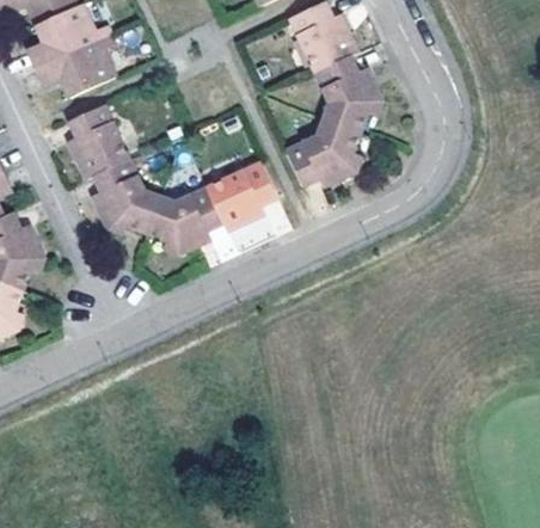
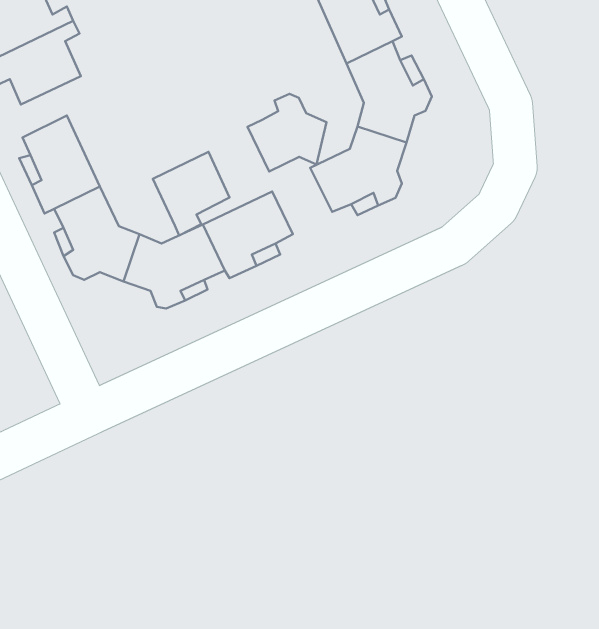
building: none -> [247,94,327,171]
building: none -> [153,152,229,235]

